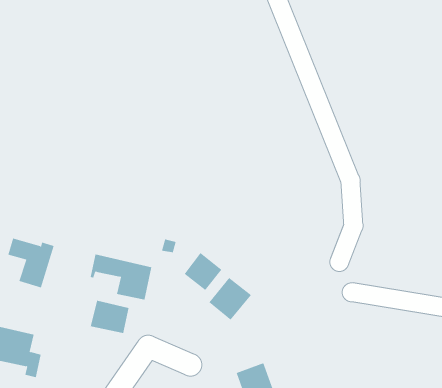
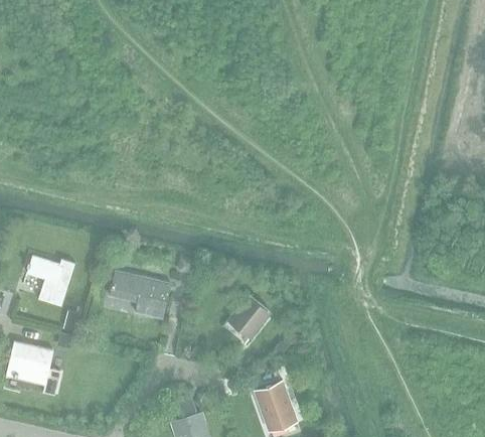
building: [184,252,222,291] -> none
building: [90,300,129,334] -> none

